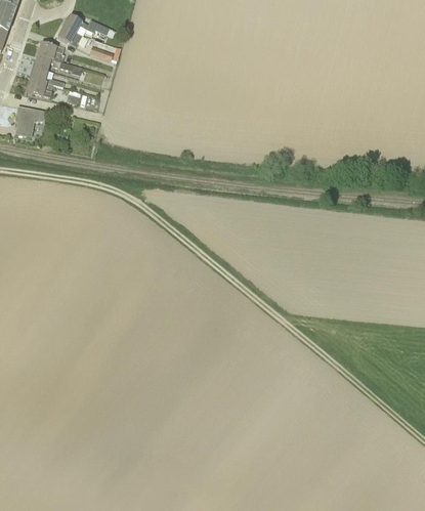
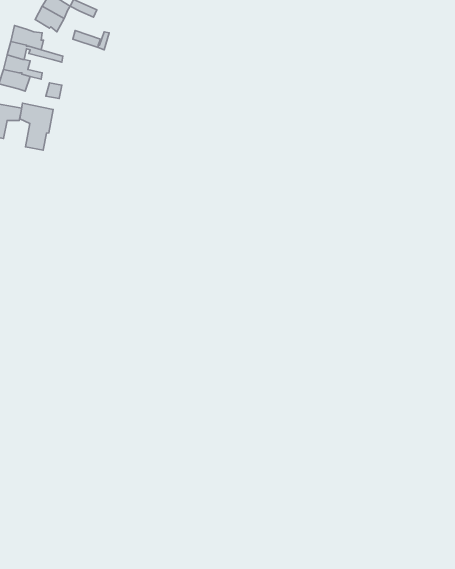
building: none -> [20,103,53,150]

